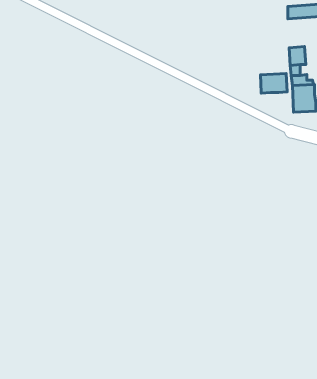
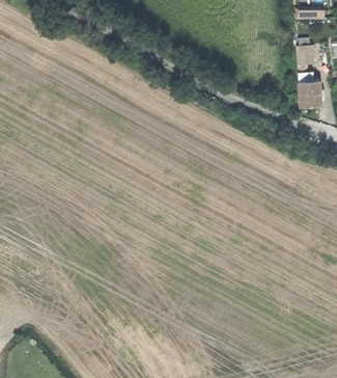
building: [260,73,287,93] -> none

